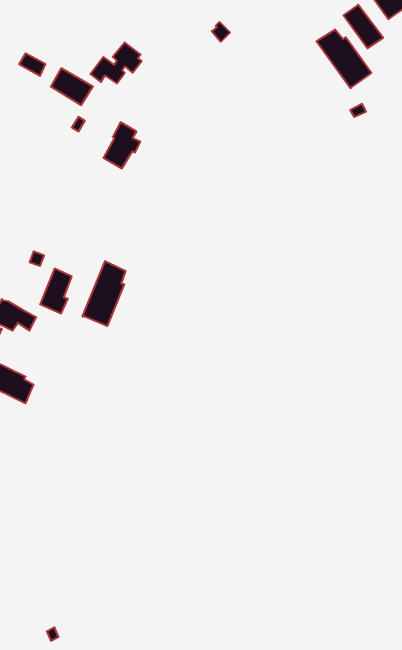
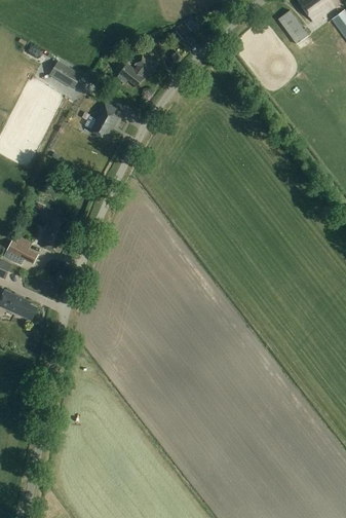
building: [316,29,371,88] -> none
building: [90,42,142,83] -> [116,52,156,84]
building: [83,261,125,326] -> none

